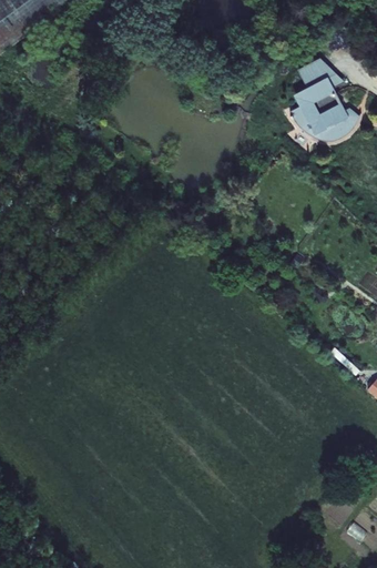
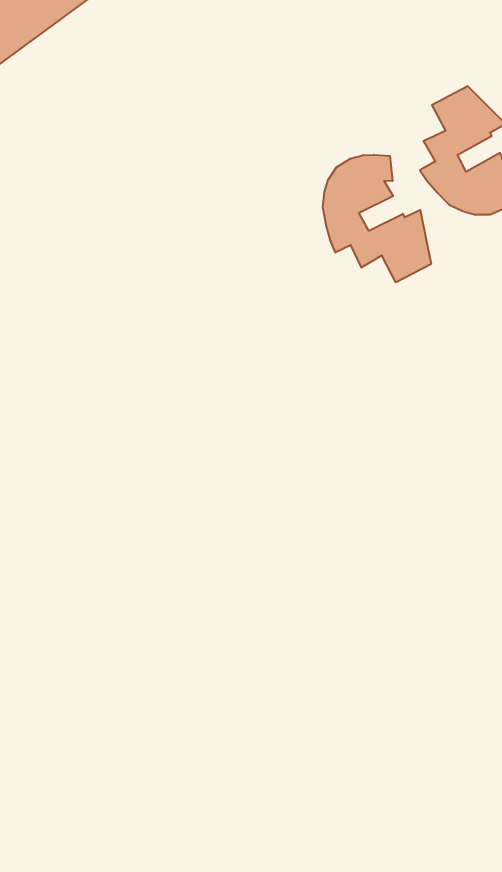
building: none -> [323,155,431,282]

